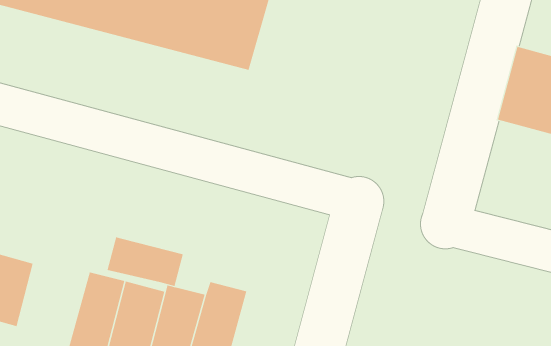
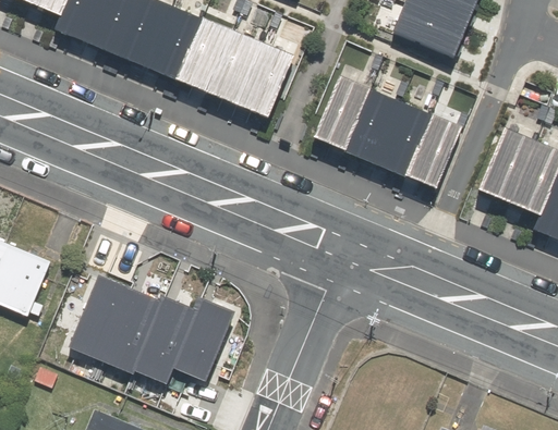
building: none -> [313,76,461,189]
building: [107,236,183,287] -> none

